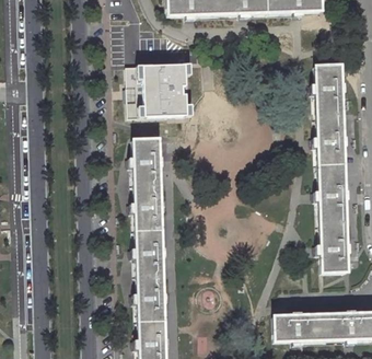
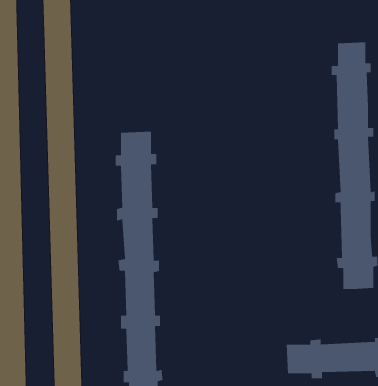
building: [129,61,194,118] -> none

